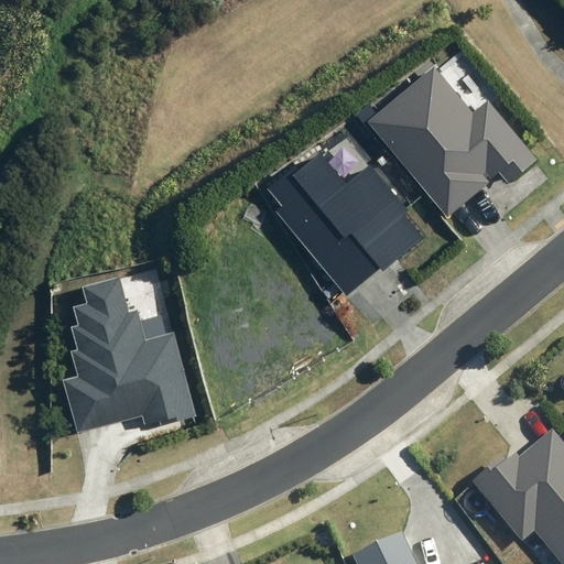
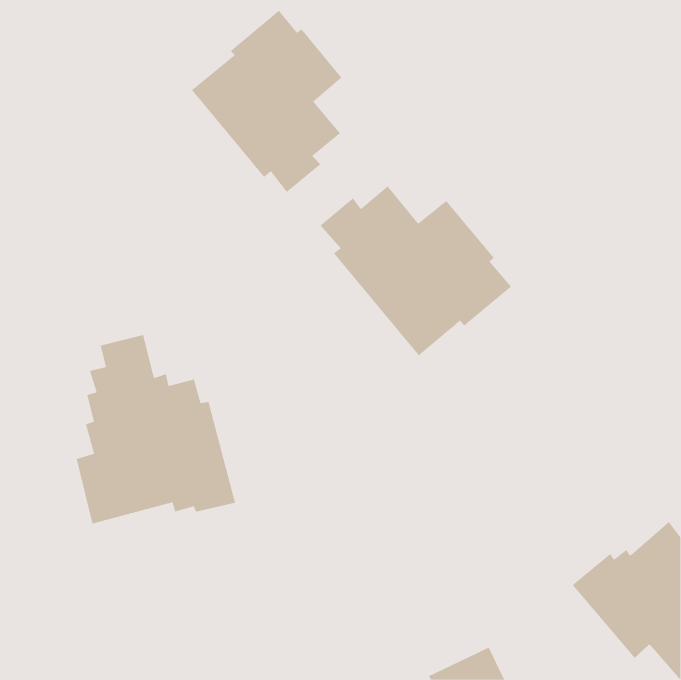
building: none -> [191,10,342,193]
building: [369,66,534,215] -> none

